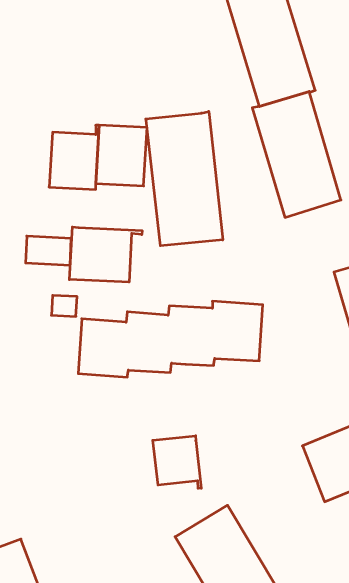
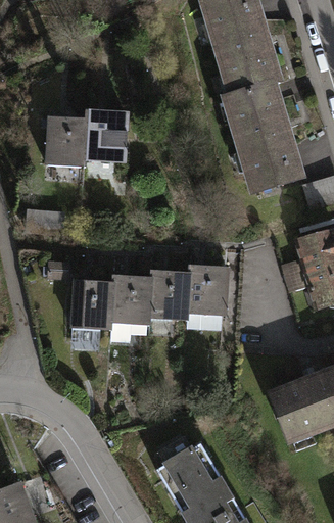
building: [146,111,223,246] -> none
building: [69,227,142,282] -> none
building: [153,436,201,488] -> none

